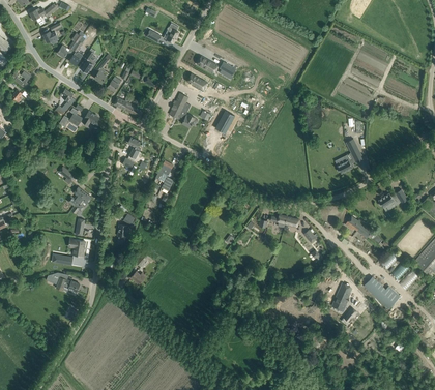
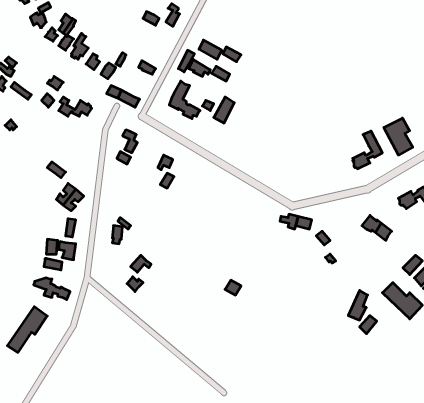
building: none -> [384,118,413,155]
building: none -> [7,307,47,352]

